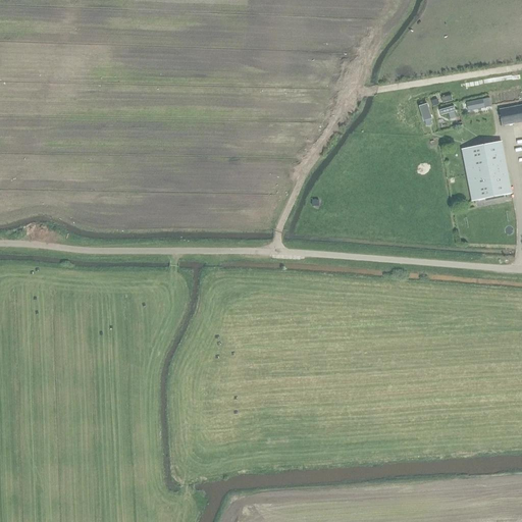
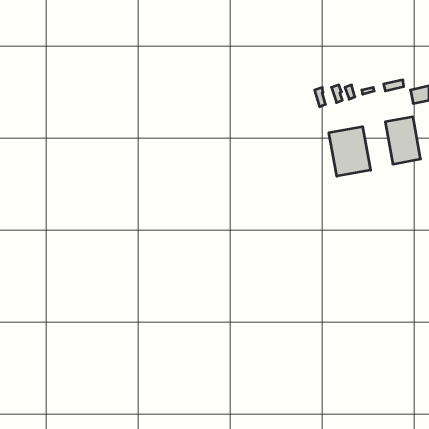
building: none -> [329,127,371,176]

